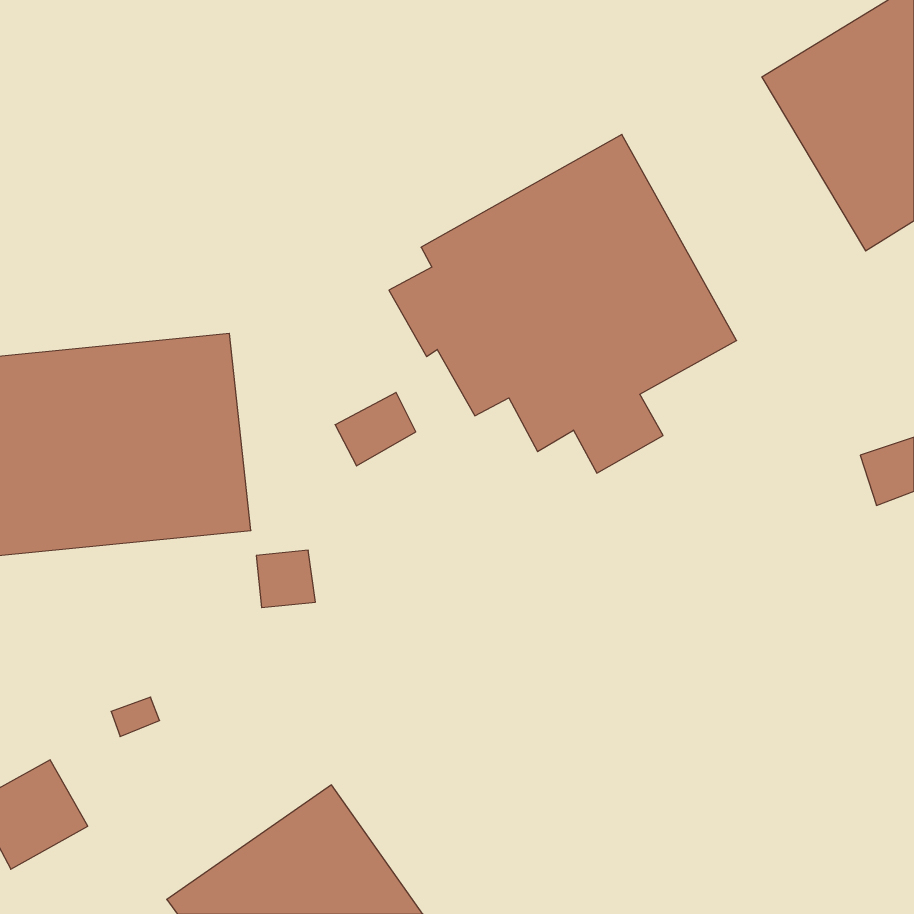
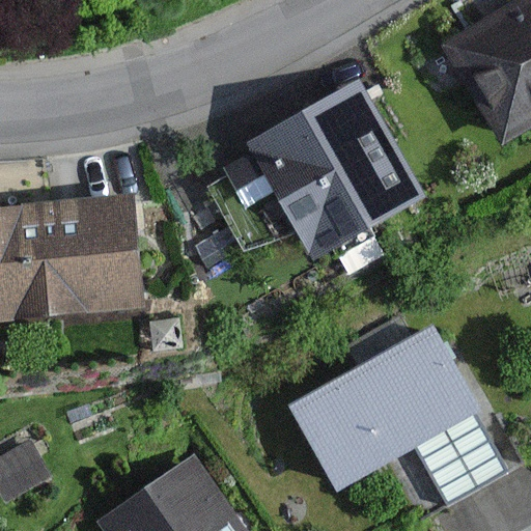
building: none -> [287,324,509,509]

